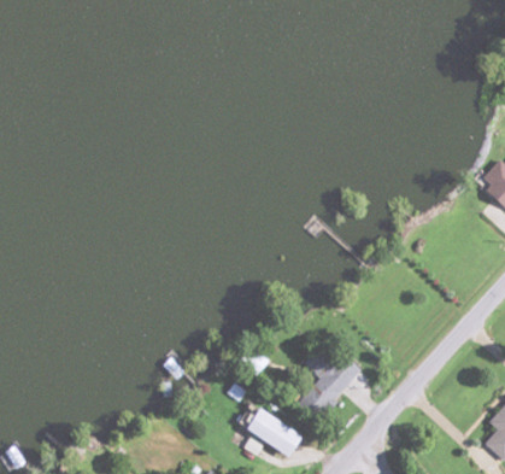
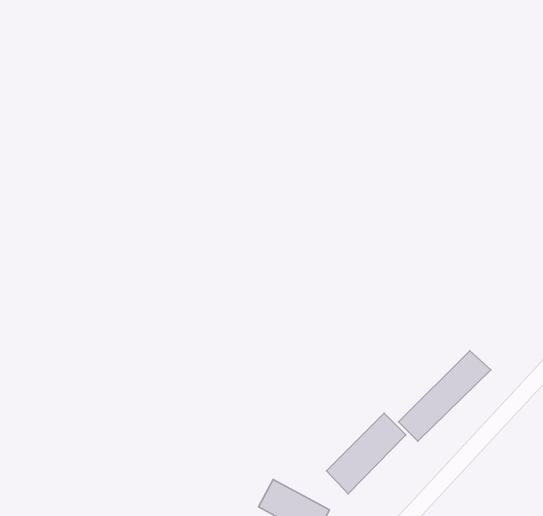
building: none -> [399,351,491,441]

